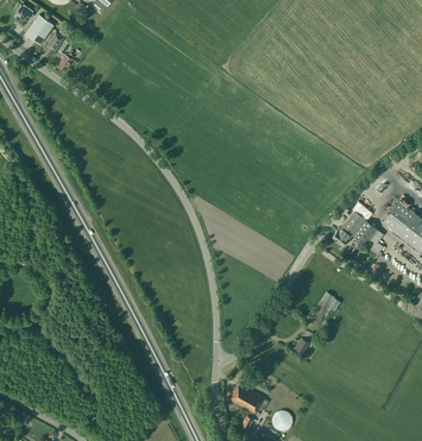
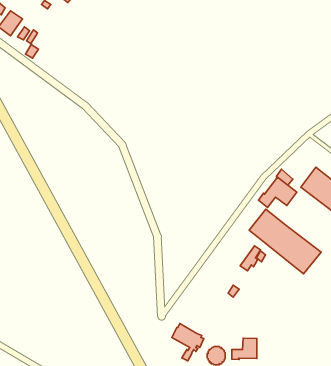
building: none -> [249,209,321,274]
building: none -> [232,338,257,359]

